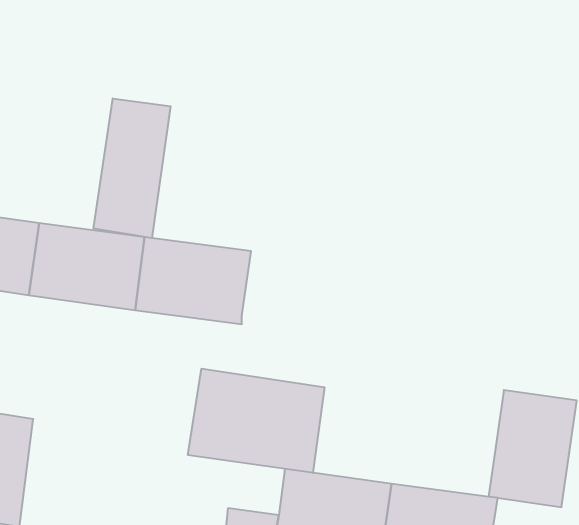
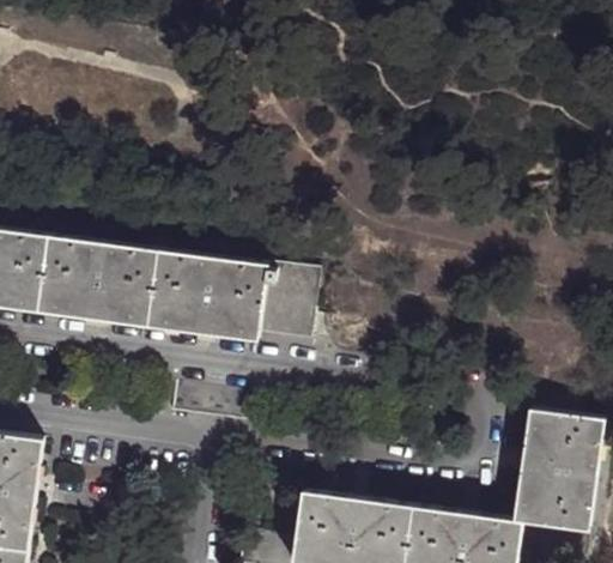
building: [94,98,171,238] -> none
building: none -> [259,266,317,339]
building: [188,369,325,473] -> none

